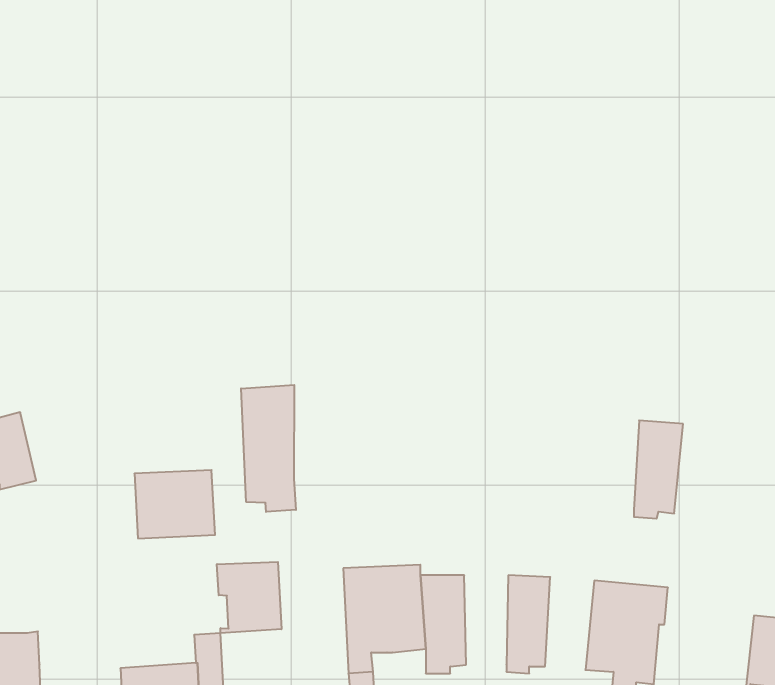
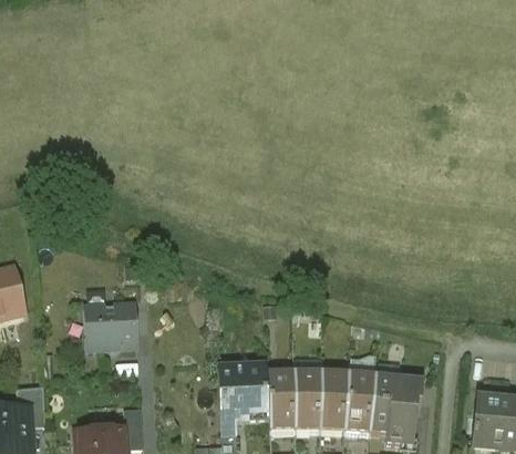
building: [241,385,296,512] -> none
building: [634,420,683,519] -> [344,370,375,432]
building: [217,562,281,633] -> none
building: none -> [293,369,321,430]
building: none -> [17,384,45,425]

